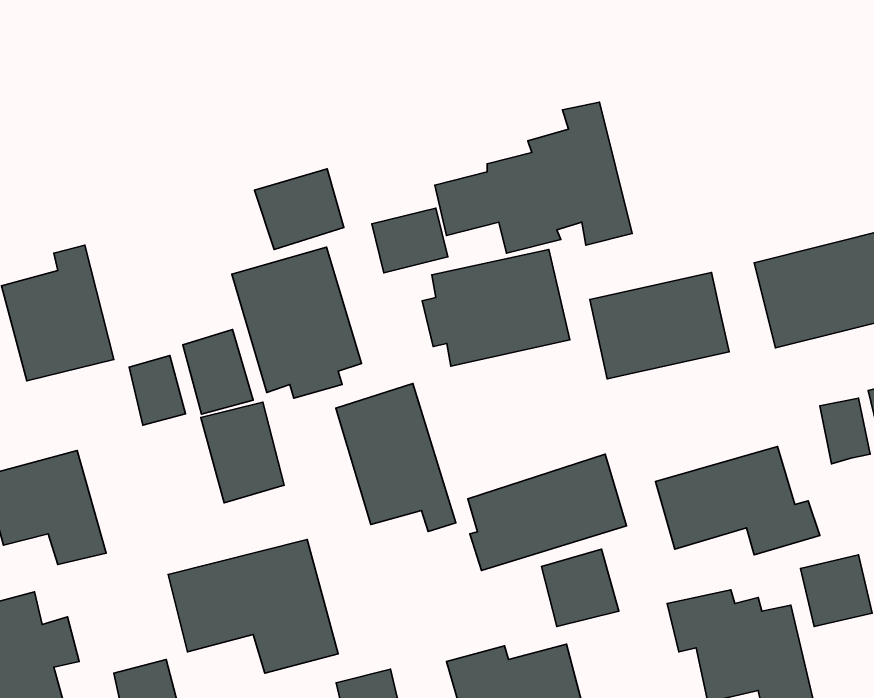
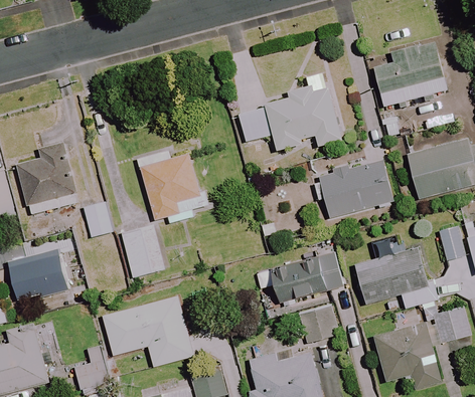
building: none -> [375,37,449,105]
building: [254,169,344,249] -> none
building: [372,208,448,273] -> none
building: [422,249,570,366] -> none
building: [183,330,253,414] -> none
building: [336,383,456,532] -> none

